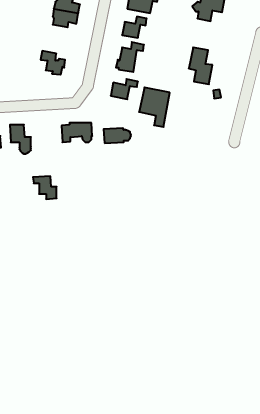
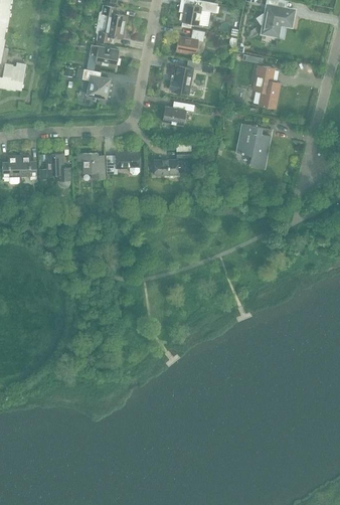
building: none -> [89,43,118,66]
building: [139,87,170,127] -> [235,123,271,168]
building: [33,176,57,199] -> [76,152,104,178]

